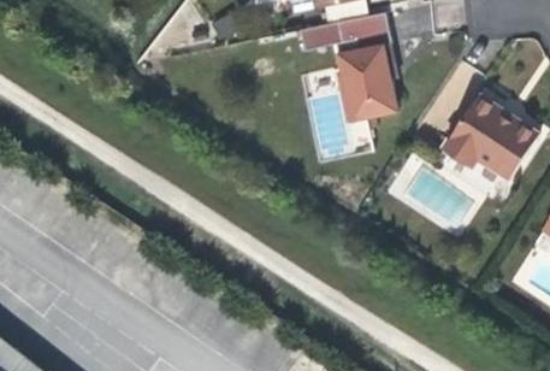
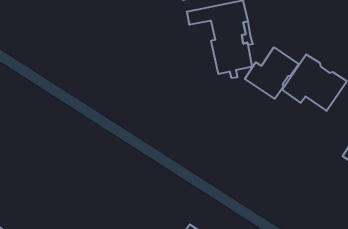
building: none -> [245,47,299,99]

